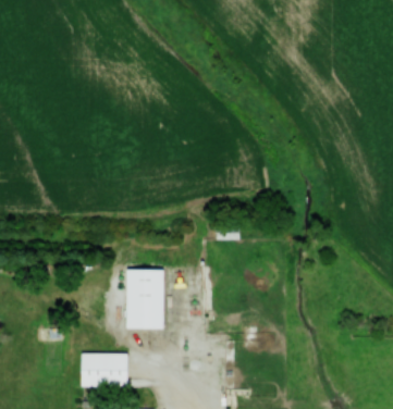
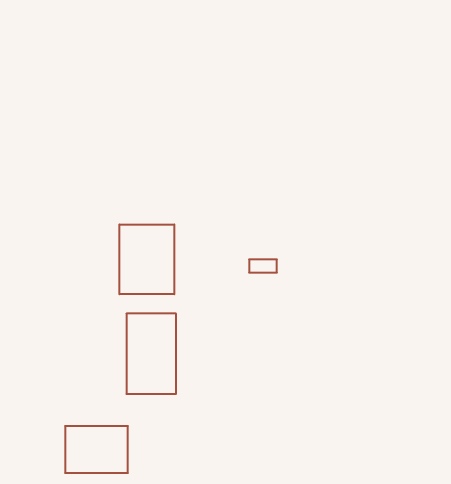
building: none -> [119,224,174,294]

